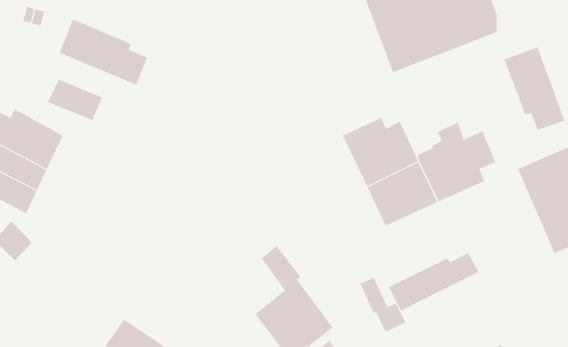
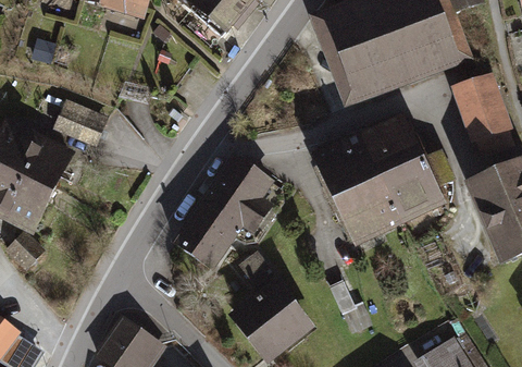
building: [59,19,148,86] -> none
building: none -> [366,123,418,173]
building: none -> [177,158,283,265]
building: [388,252,479,311] -> none

